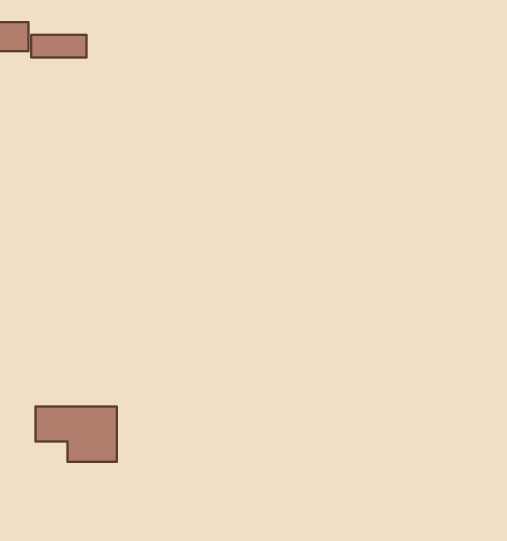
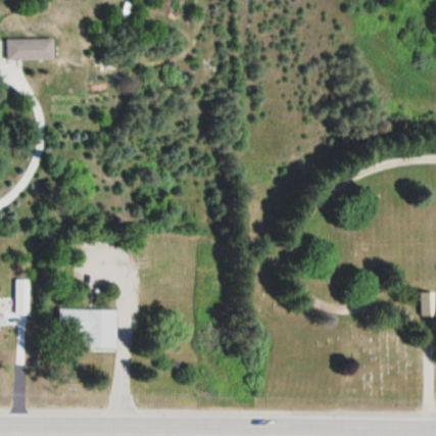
building: [31,35,86,57] -> none

